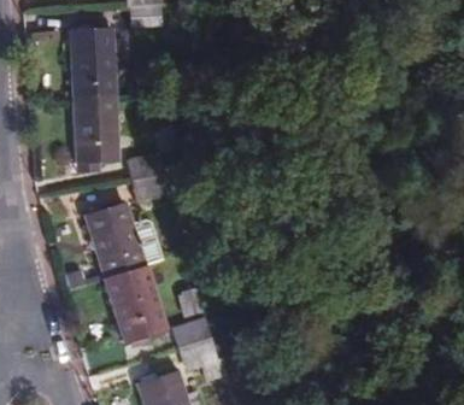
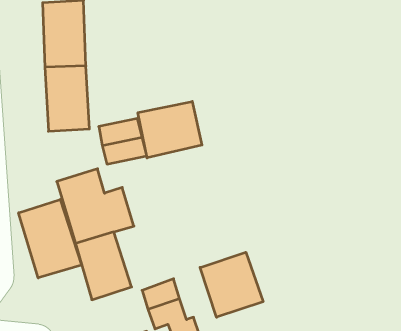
building: none -> [138,101,202,158]
building: none -> [19,199,82,278]
building: none -> [200,252,263,317]

